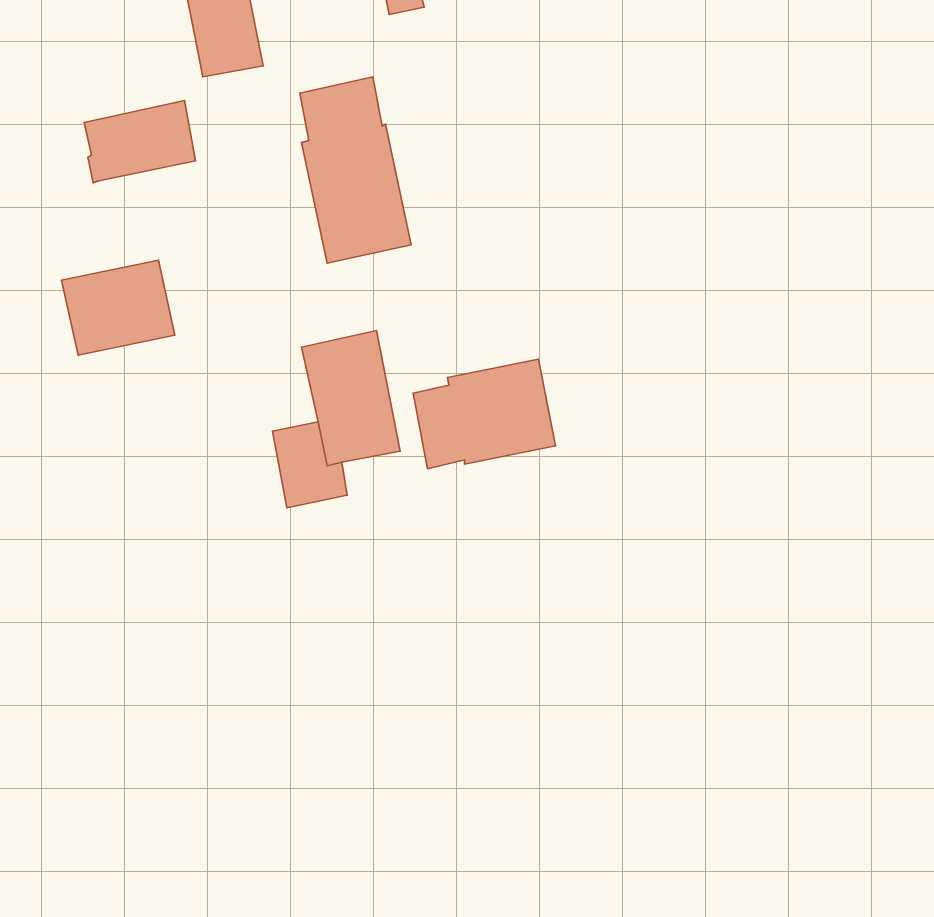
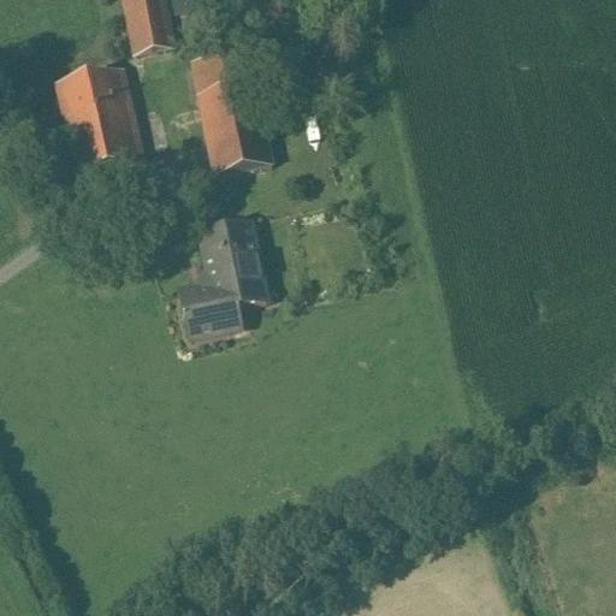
building: [62,260,175,355] -> [65,106,140,168]
building: [413,359,556,469] -> none

